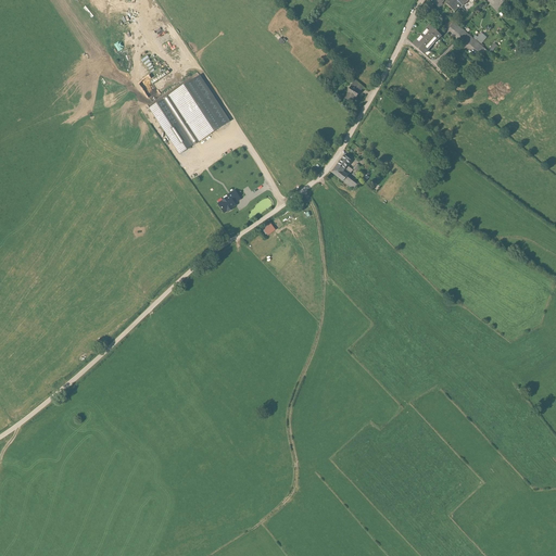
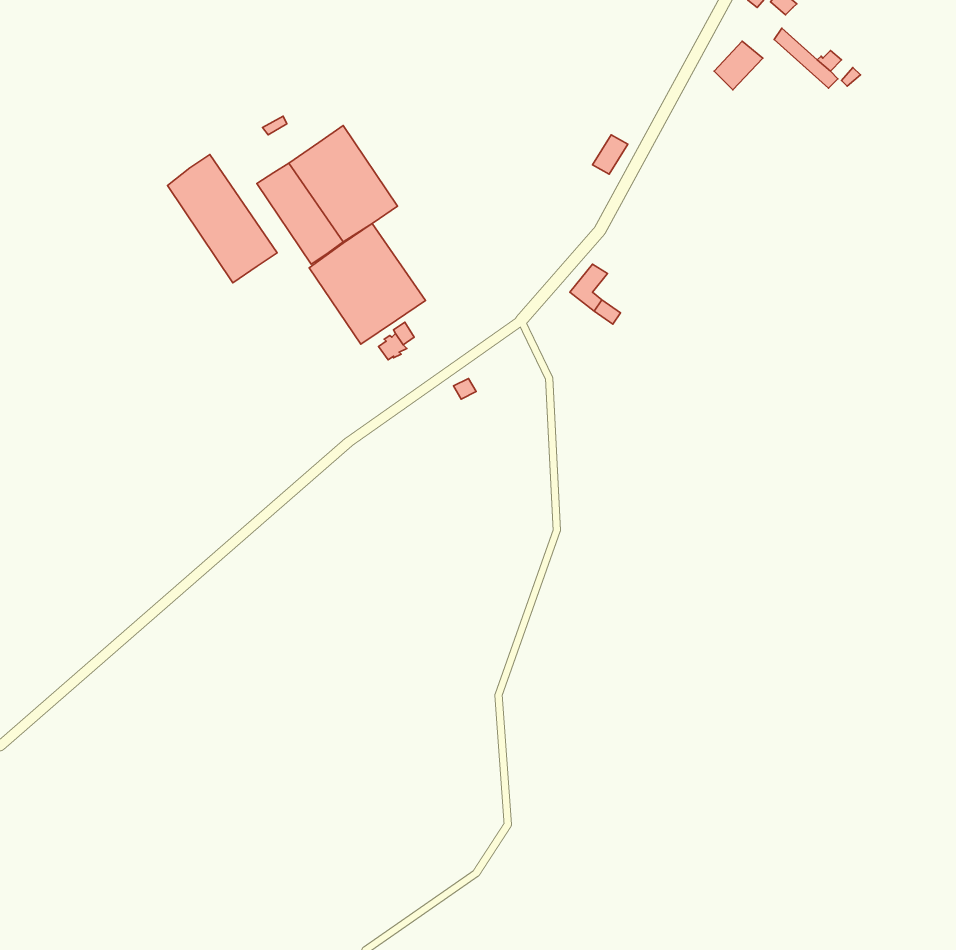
building: none -> [167,155,277,283]
building: none -> [309,224,426,344]

